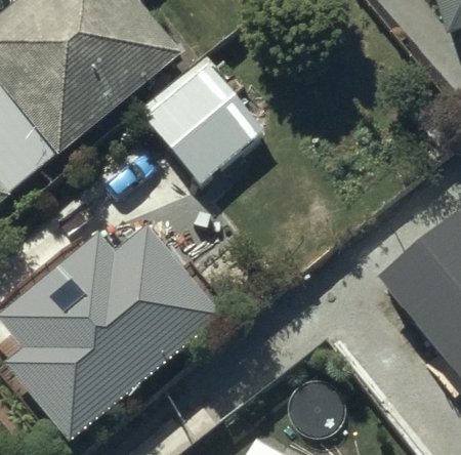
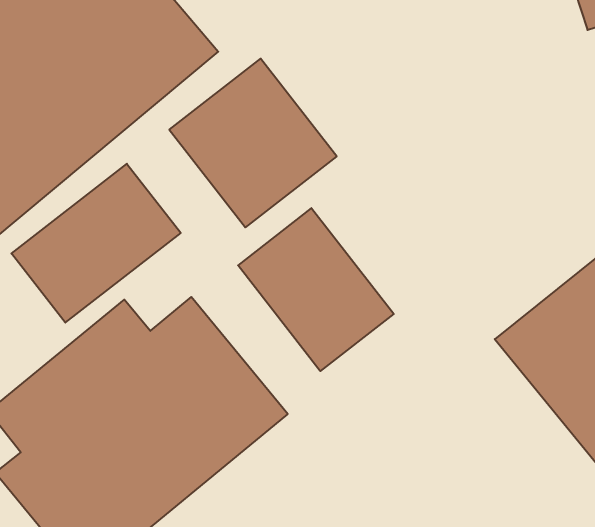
building: none -> [11,164,181,323]
building: none -> [238,208,394,371]

